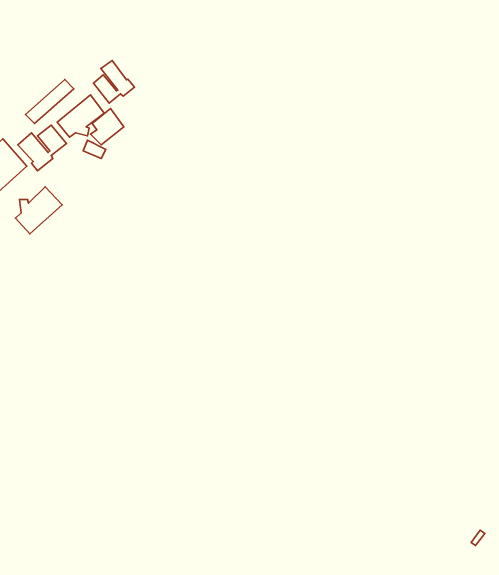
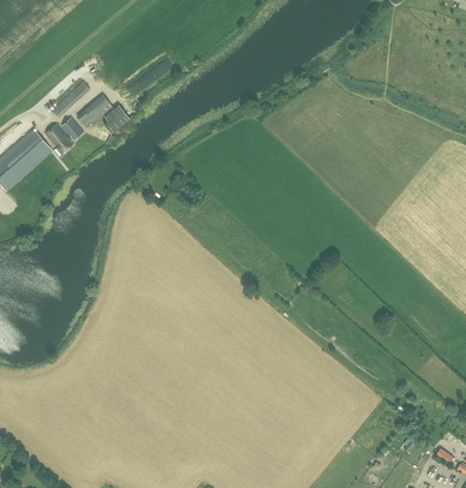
building: [93,61,134,103] -> none
building: [16,187,62,234] -> none

